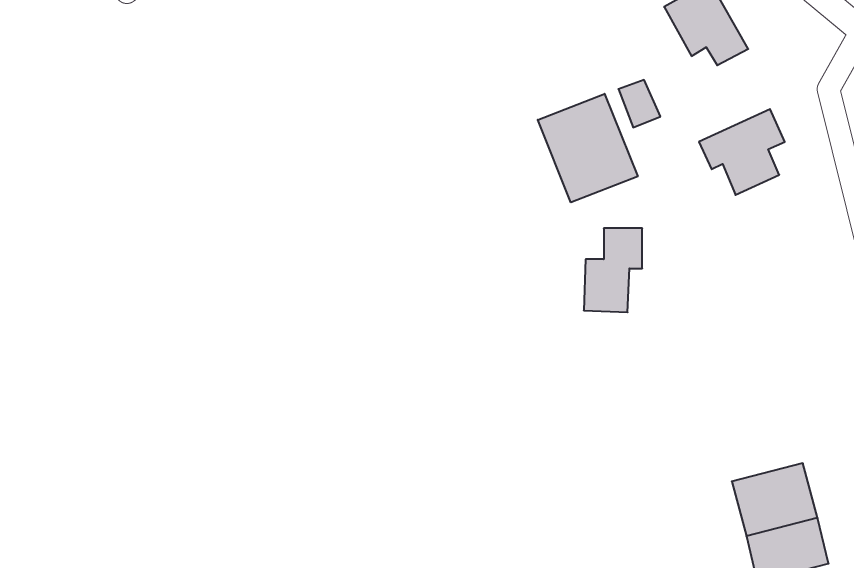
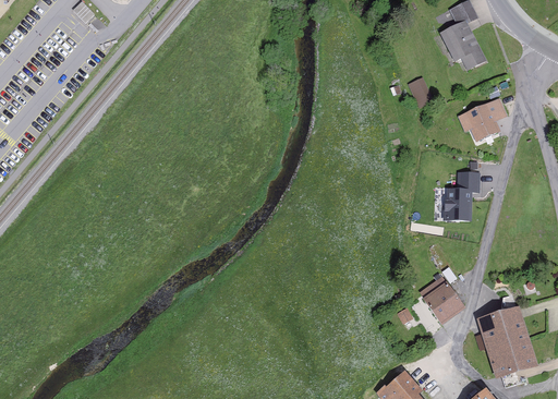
building: [538,94,638,202] -> none
building: [584,228,642,312] -> [449,170,484,220]
building: none -> [422,281,465,325]

